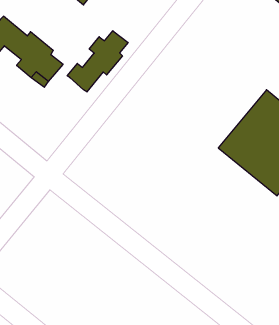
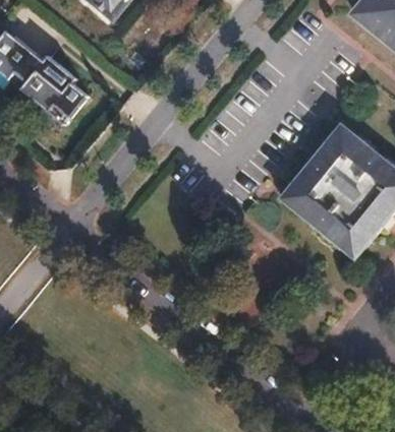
building: [67,31,128,92] -> none

